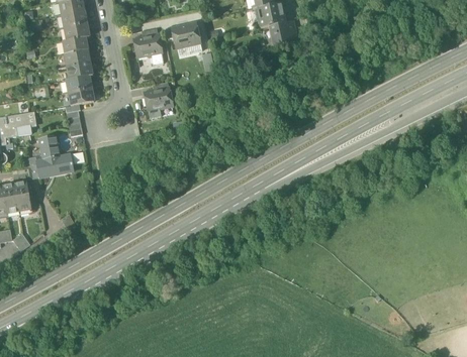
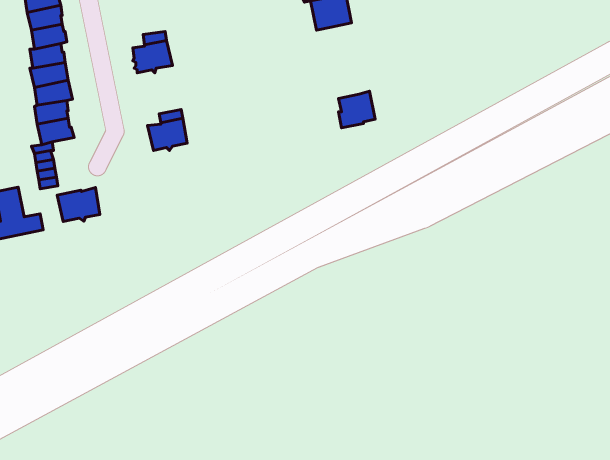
building: [270,21,295,46] -> [339,91,375,128]
building: [173,23,200,48] -> none
building: none -> [57,188,100,221]

